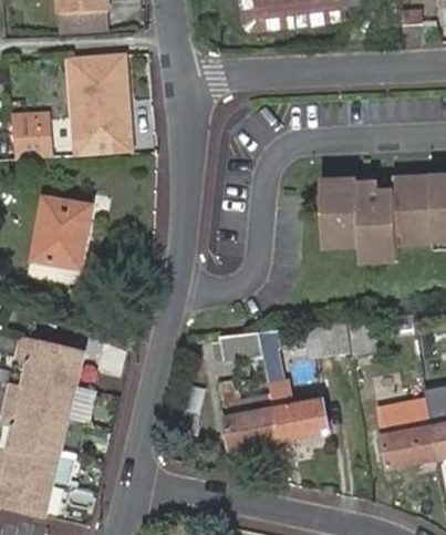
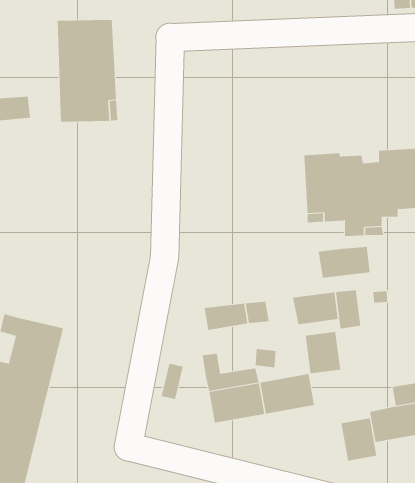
building: [32,193,90,264] -> none
building: none -> [318,246,370,279]
building: none -> [305,331,341,374]
building: none -> [341,418,377,461]

